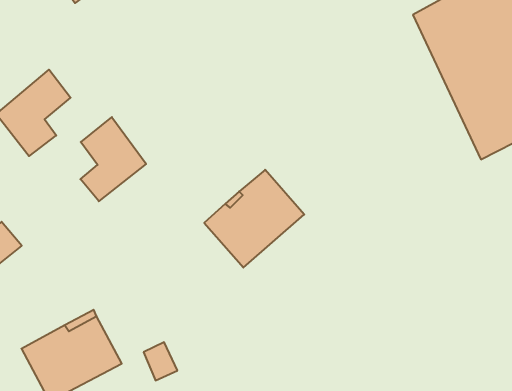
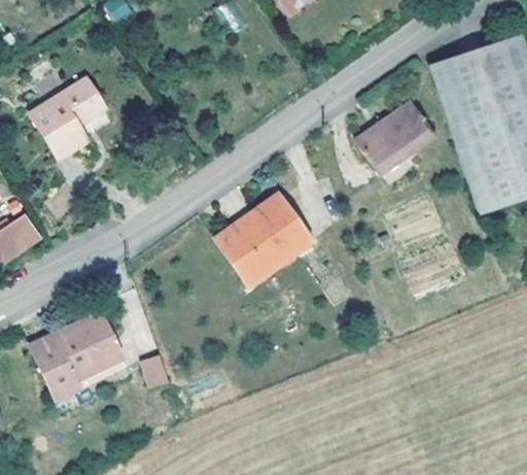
building: none -> [355,103,433,177]
building: [80,117,146,201] -> none

